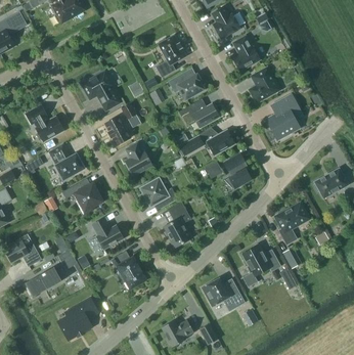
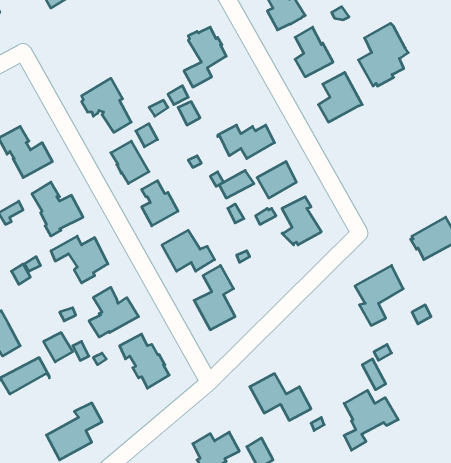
building: [169,72,204,99] -> none
building: [267,94,302,138] -> [358,23,408,86]
building: [242,245,280,286] -> [344,390,398,450]

